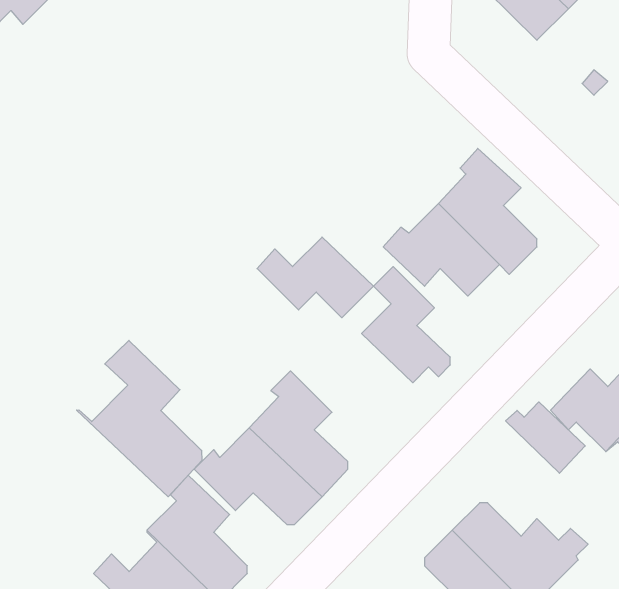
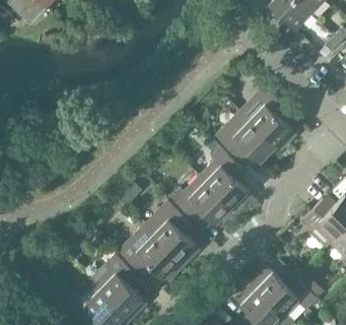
building: [257,237,373,318] -> [171,182,231,223]
building: [77,340,202,497] -> none
building: [506,402,585,473] -> none

